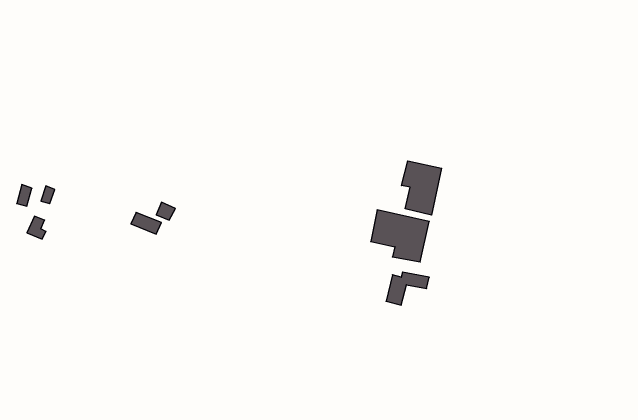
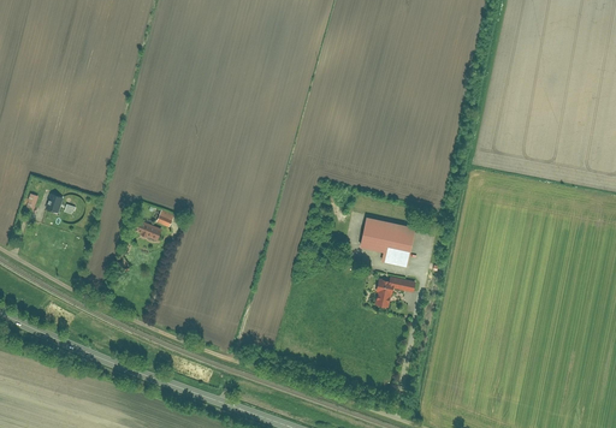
building: [402,161,442,215] -> none

